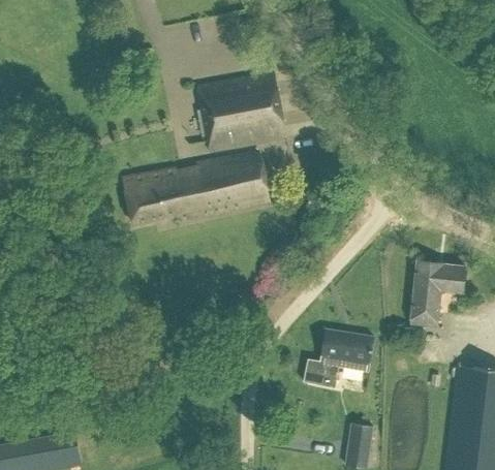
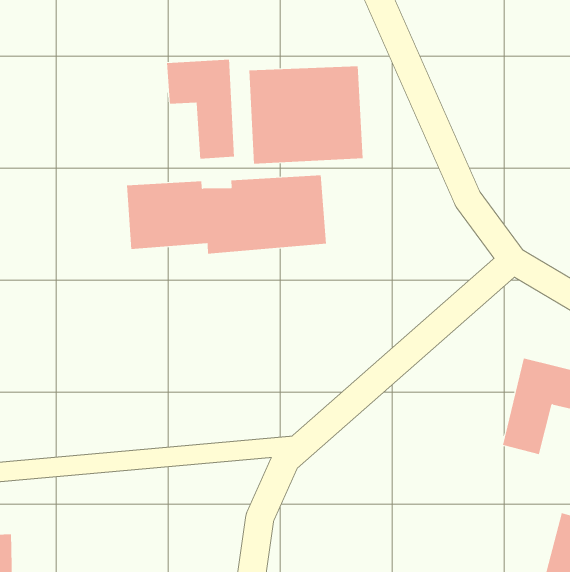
building: none -> [167,59,235,160]
building: [303,328,374,386] -> none

